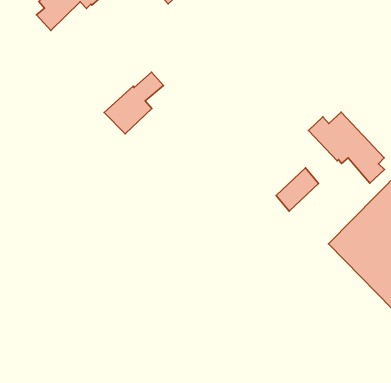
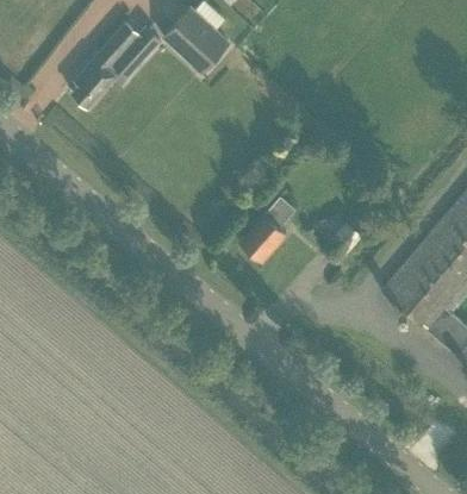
building: [104,72,163,134] -> [239,198,295,261]
building: [308,112,385,183] -> none

